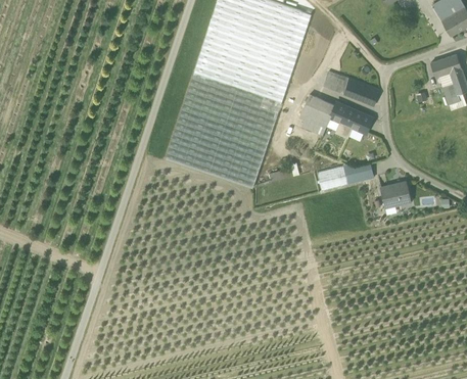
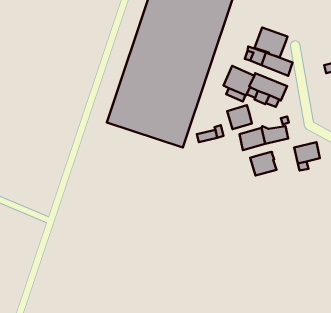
building: none -> [255,27,287,57]
building: none -> [227,105,252,129]
building: none -> [250,152,277,176]

